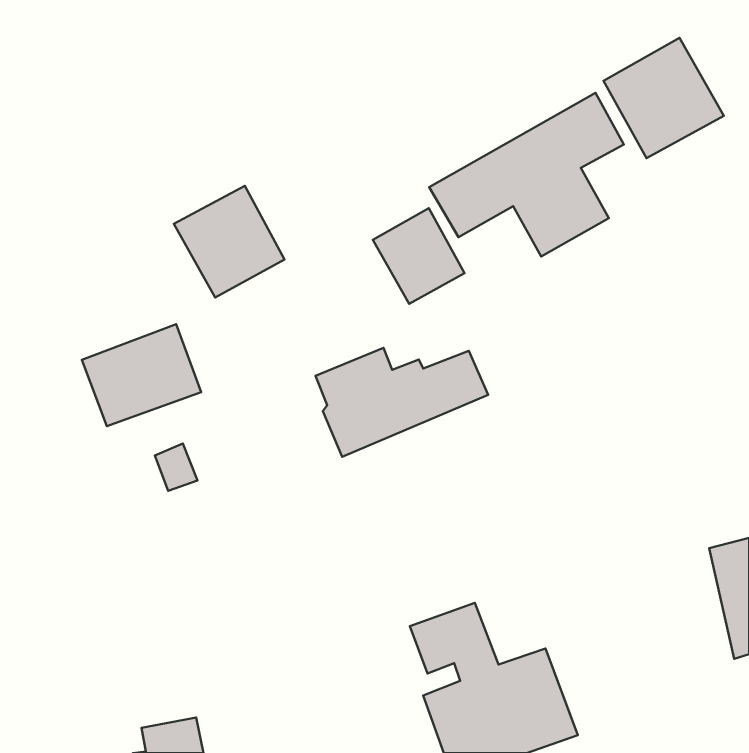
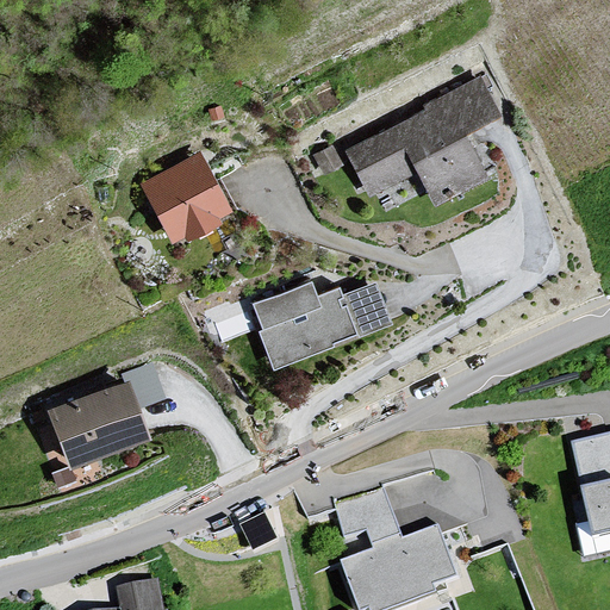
building: [604,38,724,158] -> none
building: [373,208,465,304] -> none
building: [82,324,201,426] -> [48,384,144,466]

